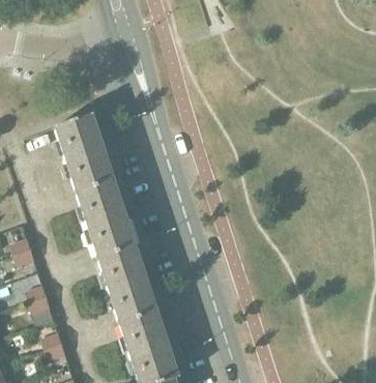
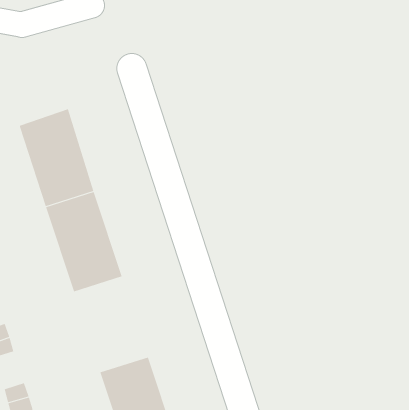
building: [97,249,157,326] -> none

